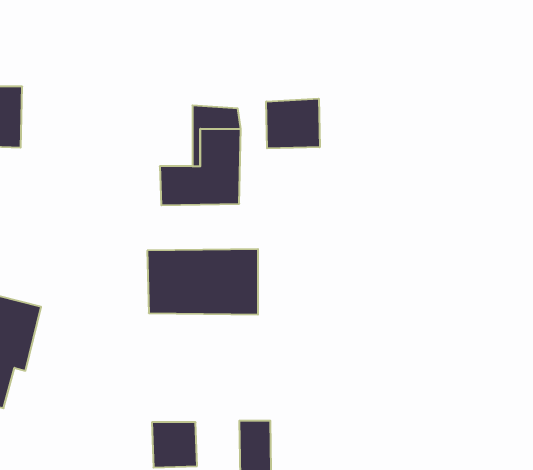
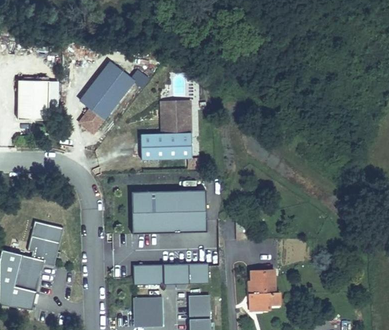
building: none -> [76,63,135,137]
building: [266,99,320,148] -> none
building: none -> [133,263,208,282]
building: none -> [245,264,277,305]

